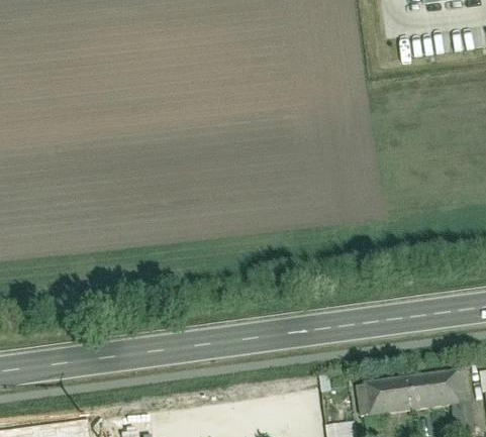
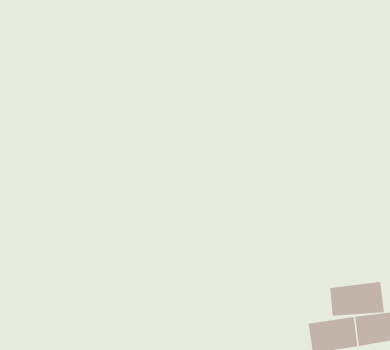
building: none -> [330,281,384,316]

